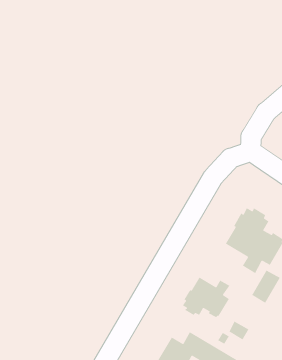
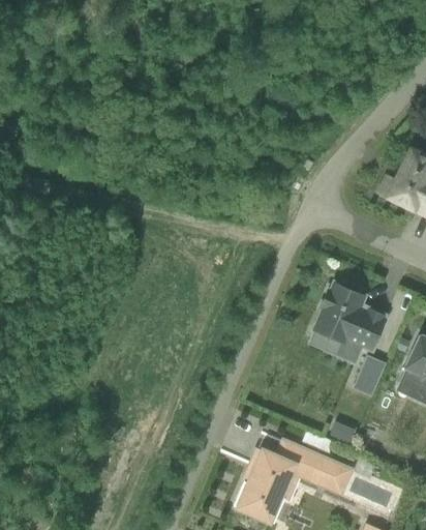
building: [182,277,230,318] -> none

